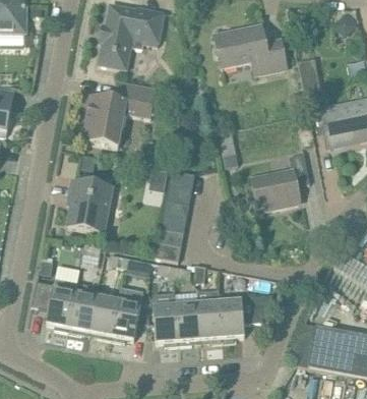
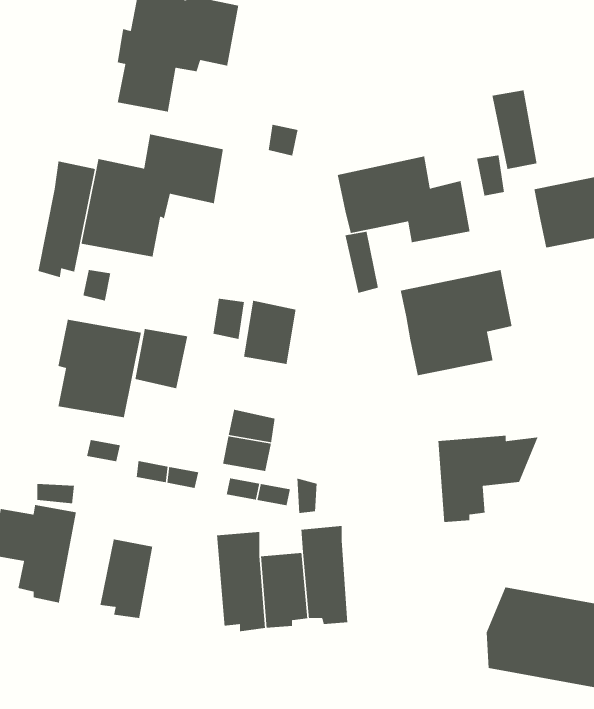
building: [215,26,286,73] -> [337,155,471,243]
building: none -> [38,161,96,278]
building: [161,200,189,232] -> [135,328,188,389]
building: [68,282,97,334] -> none
building: [111,286,143,342] -> none
building: [219,294,272,341] -> [438,435,539,523]

